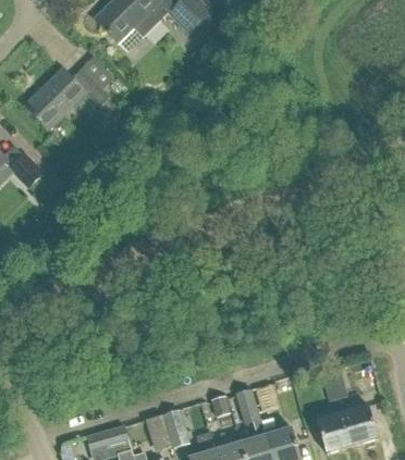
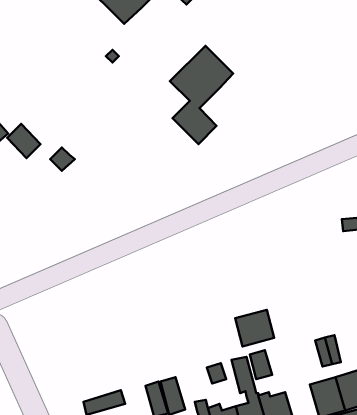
building: [24,69,109,129] -> none
building: none -> [170,46,233,144]
building: none -> [235,310,274,346]

